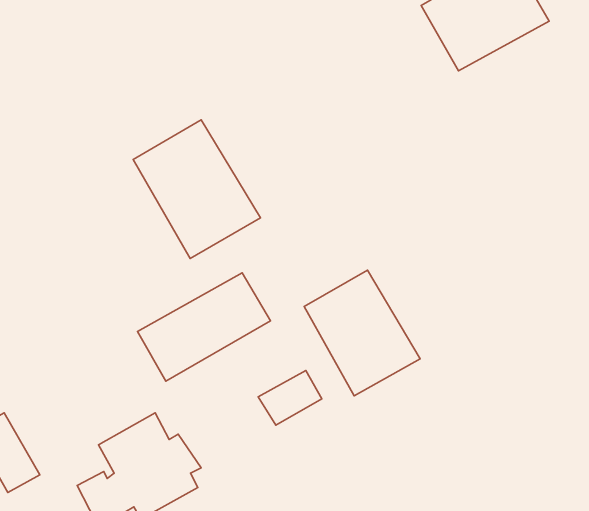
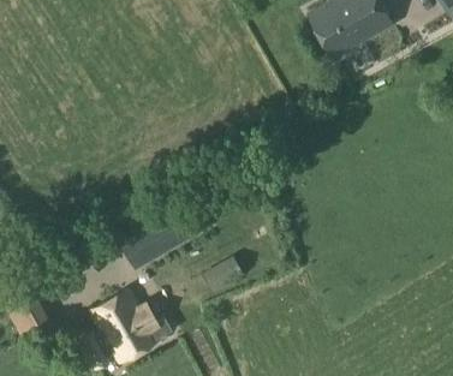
building: [133,120,261,258] -> none
building: [304,270,420,396] -> none

